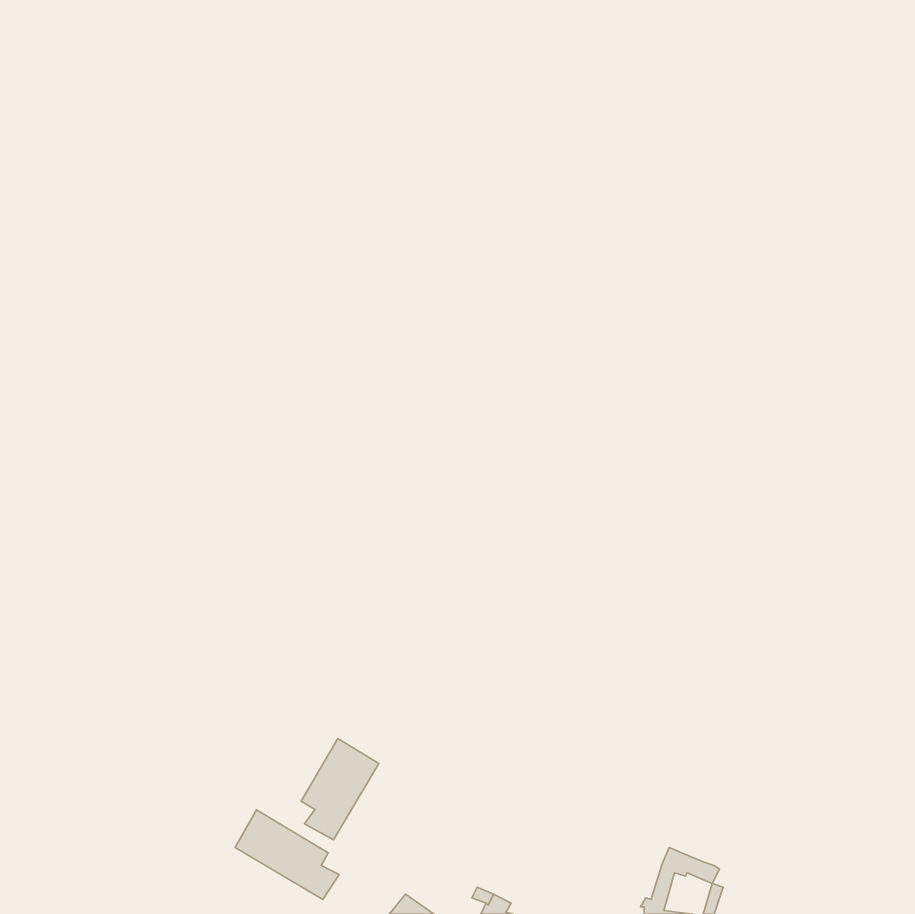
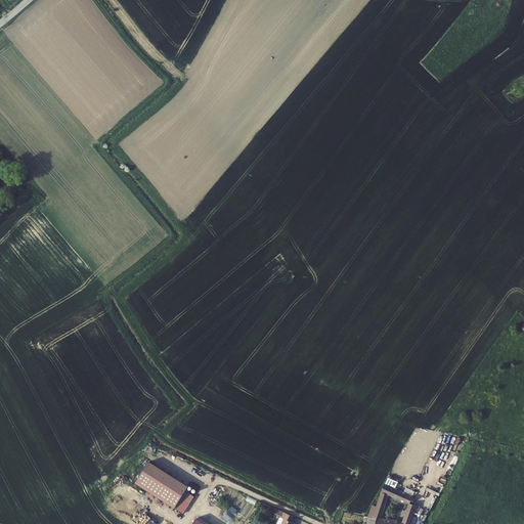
building: [301,738,379,840] -> none

